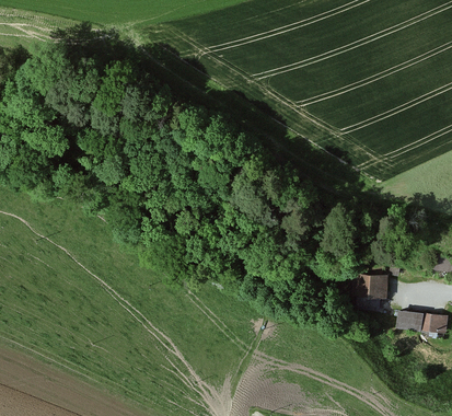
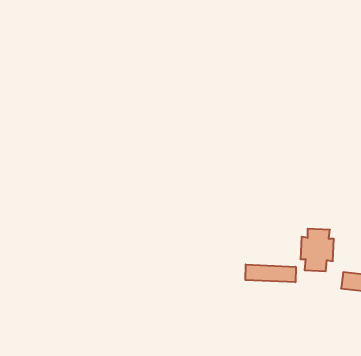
building: none -> [245,264,296,282]

